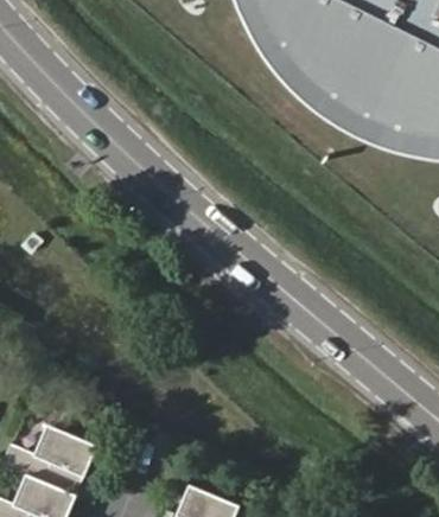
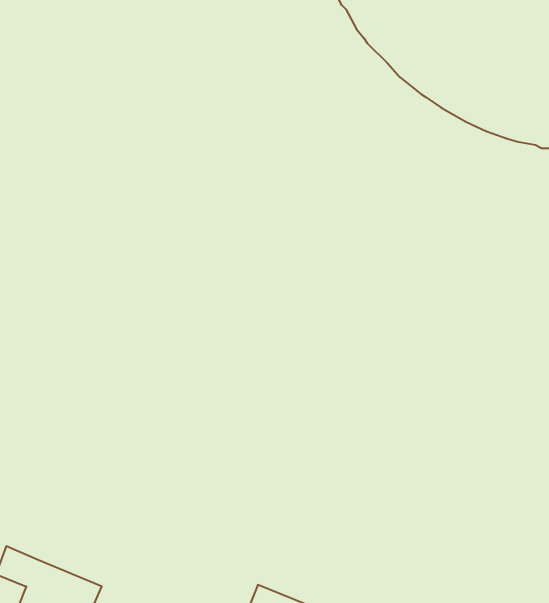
building: [32,426,94,477] -> none

